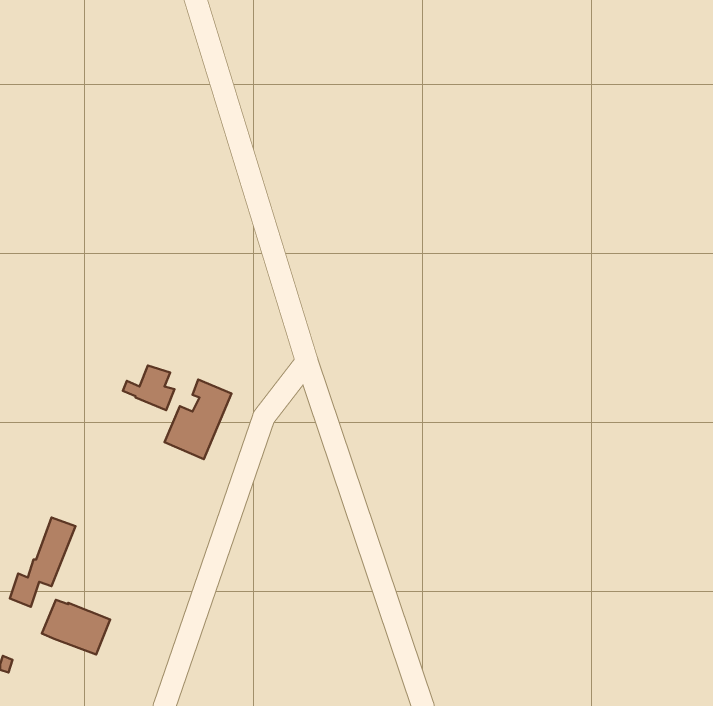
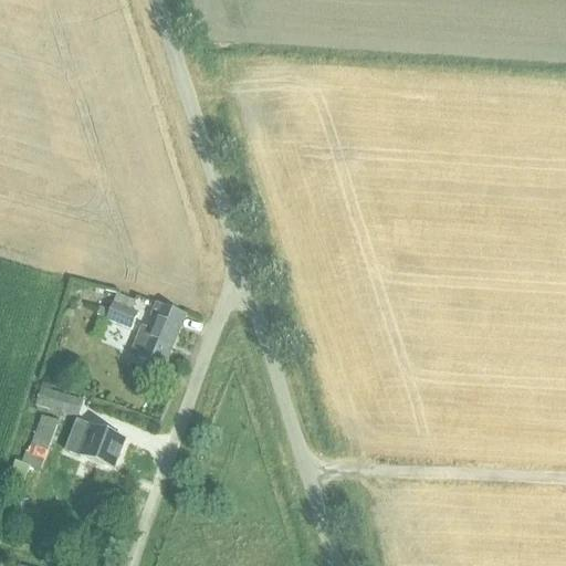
building: none -> [36,384,83,415]
building: [42,600,110,654] -> [70,421,124,464]

